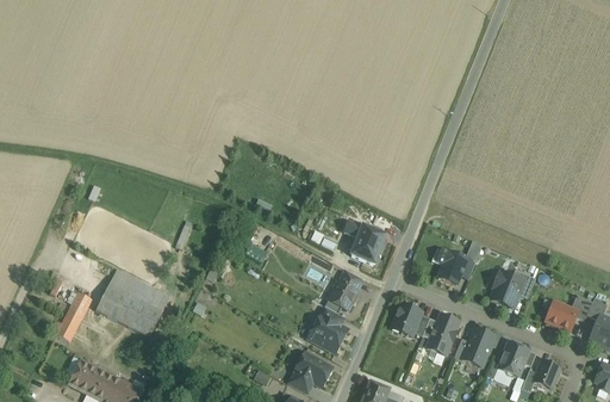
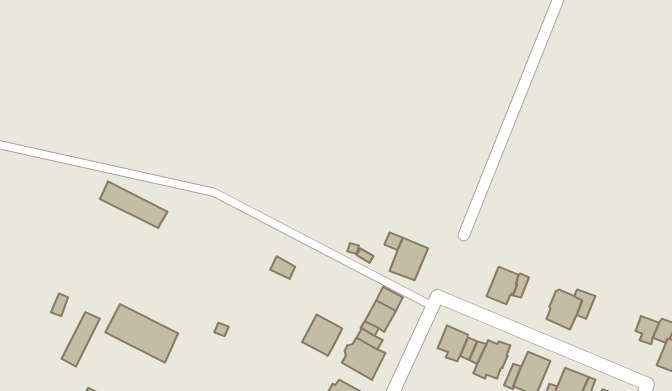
building: [108,268,169,310] -> [100,181,168,228]
building: none -> [302,315,342,356]
building: [546,301,577,330] -> none

